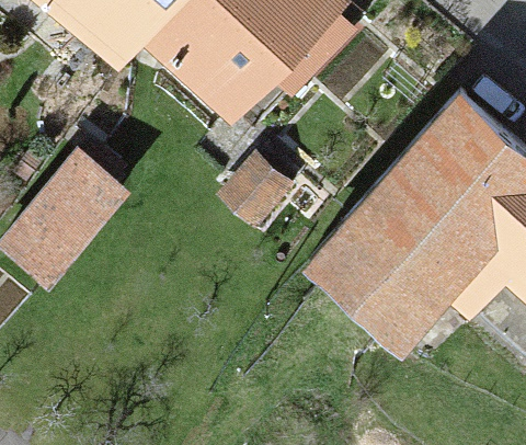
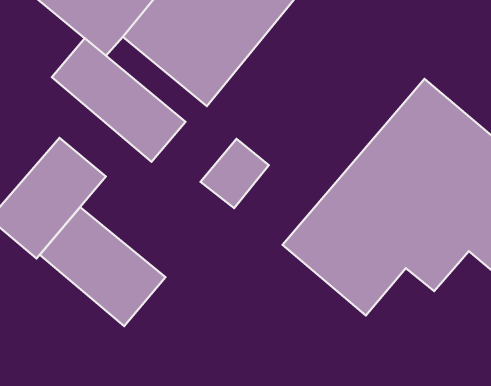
building: none -> [52,38,186,162]
building: none -> [40,207,165,326]

